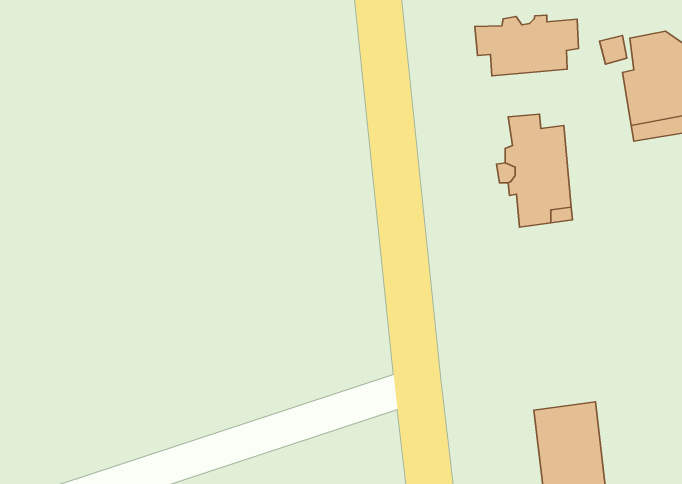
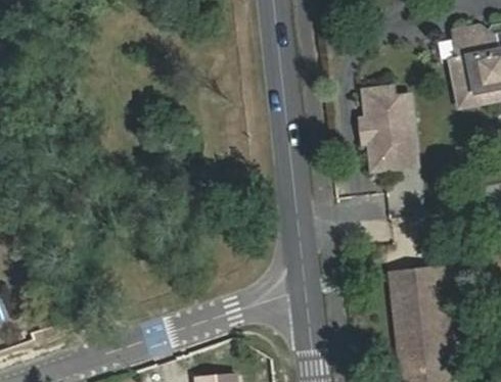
building: [475,15,578,76] -> none
building: none -> [385,268,432,298]

